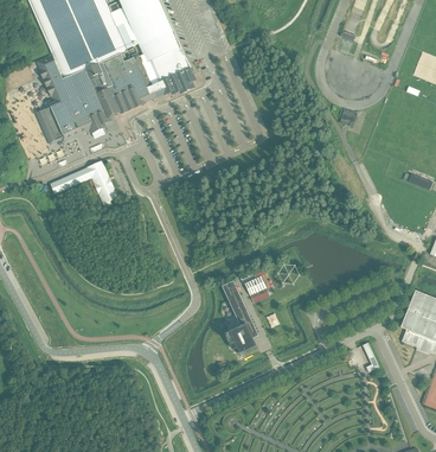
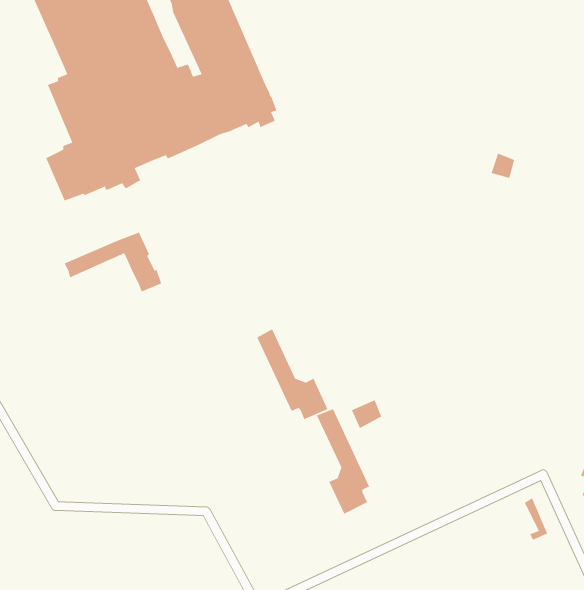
building: none -> [256,328,329,420]

